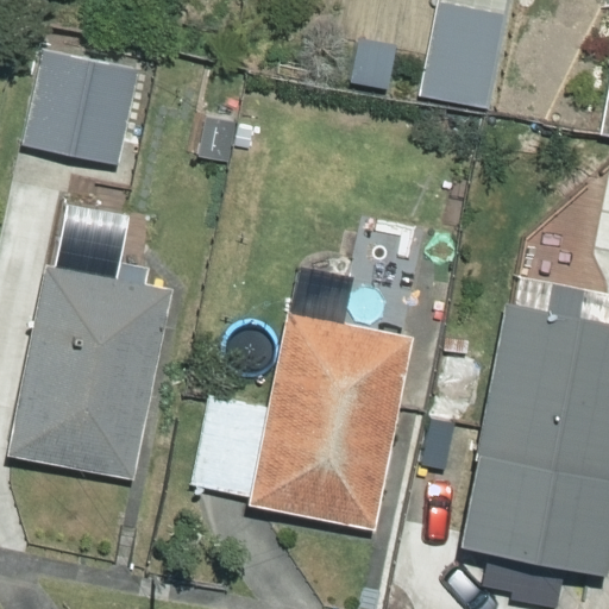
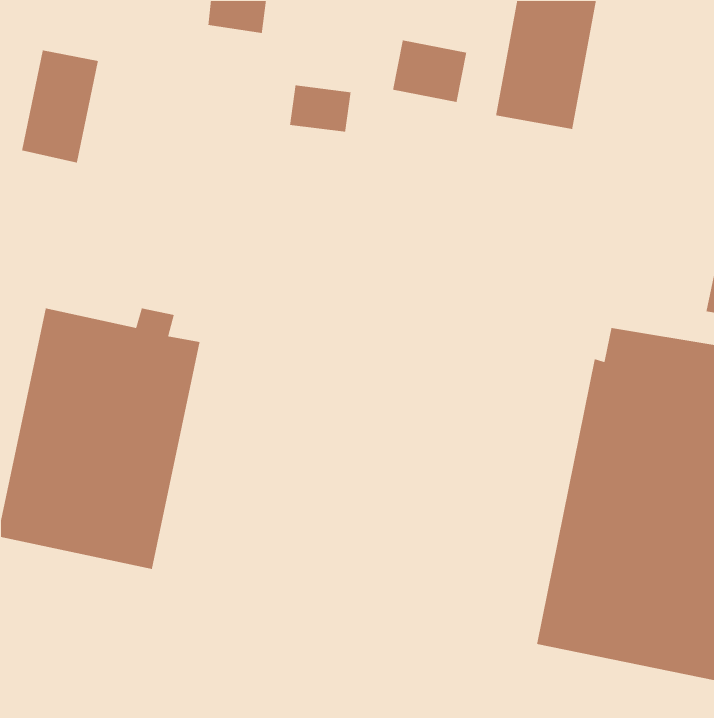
building: [247,312,415,533] -> none

